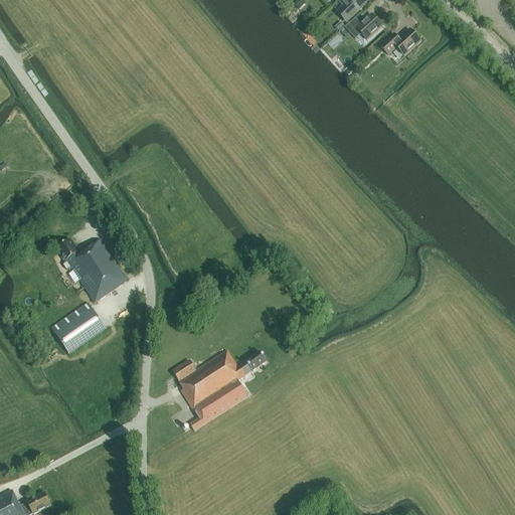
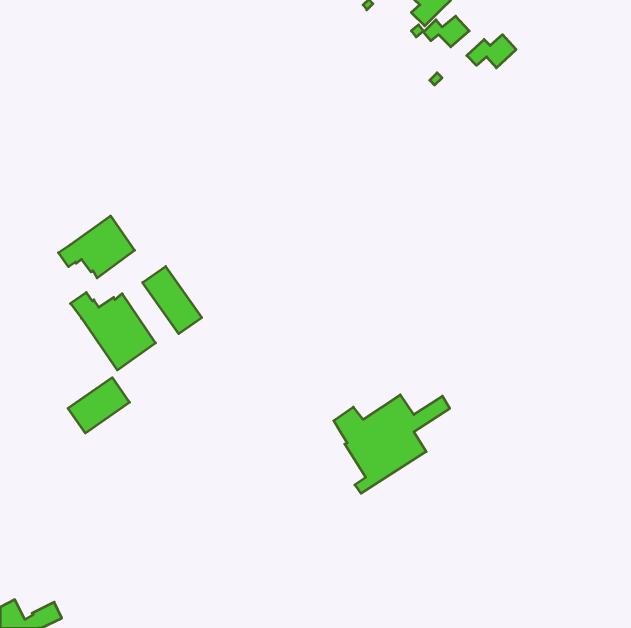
building: none -> [58,216,135,278]
building: none -> [143,266,202,334]
building: [172,349,267,430] -> [334,395,450,493]

